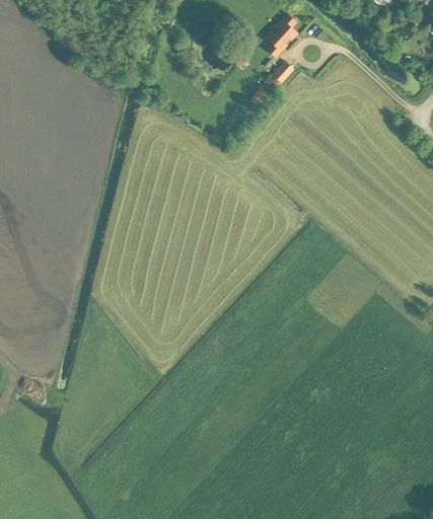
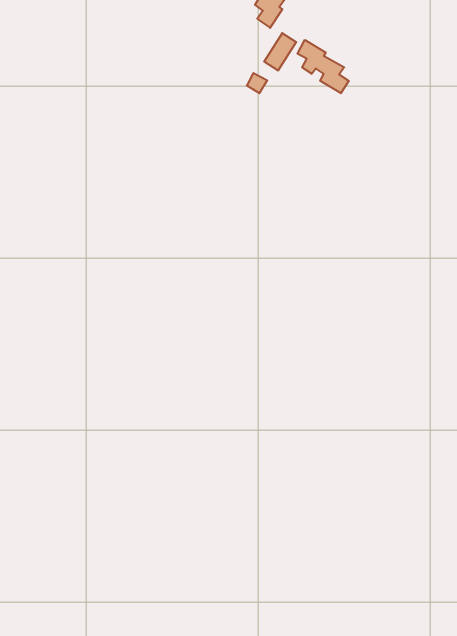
building: none -> [297,40,349,93]

